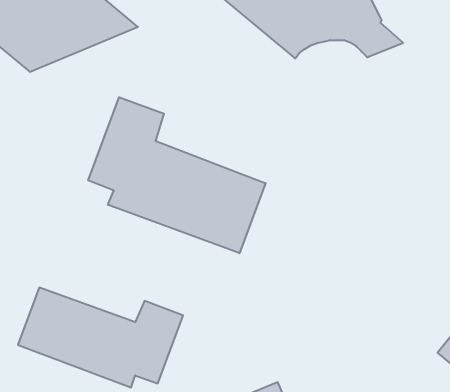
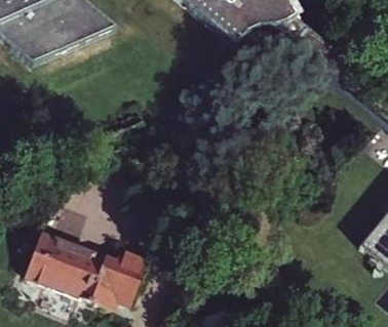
building: [88,97,266,253] -> none

